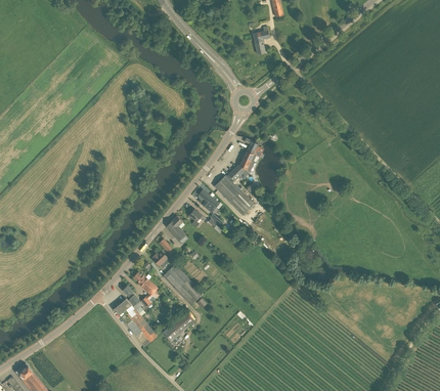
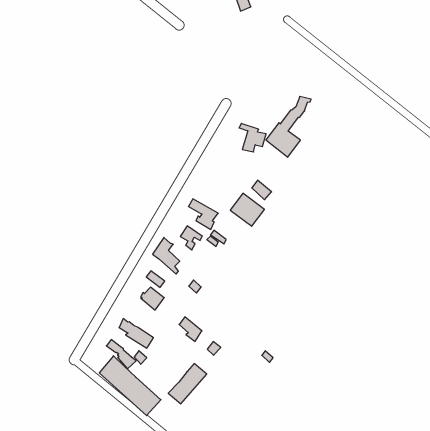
building: [214,158,252,202] -> [266,96,311,157]

